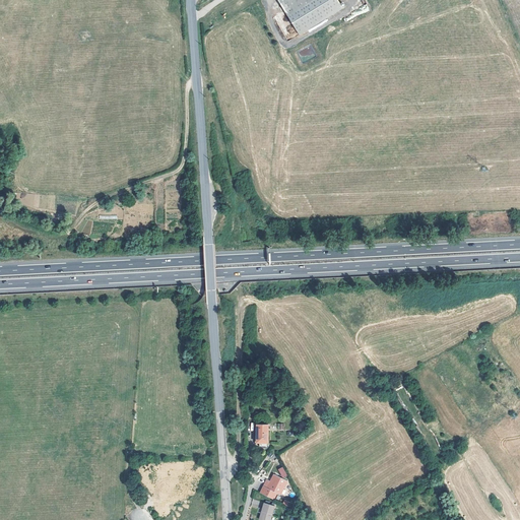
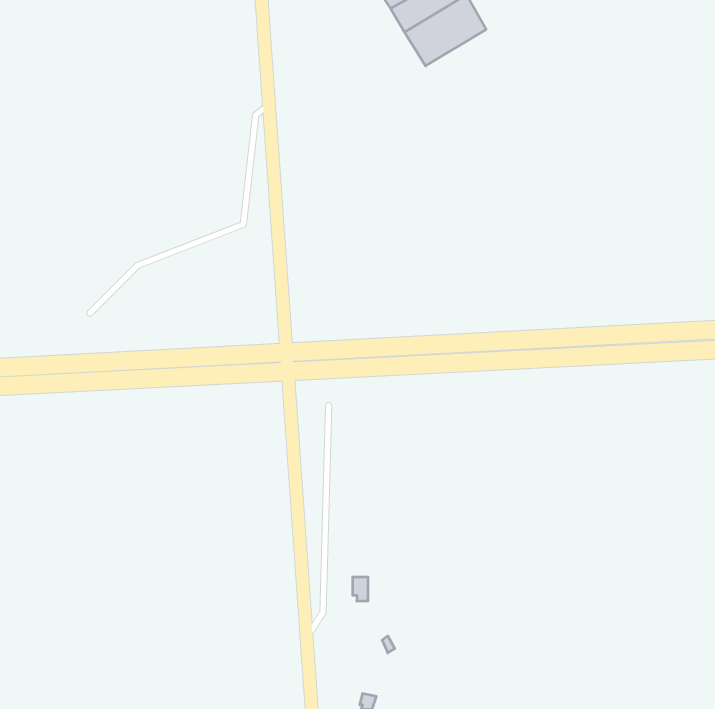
building: [257,472,284,498] -> none

